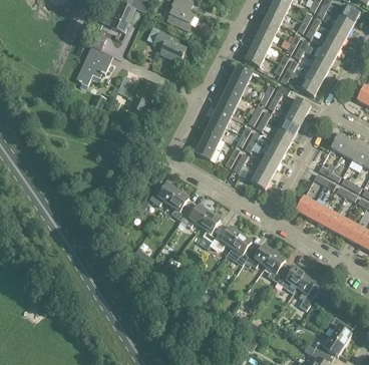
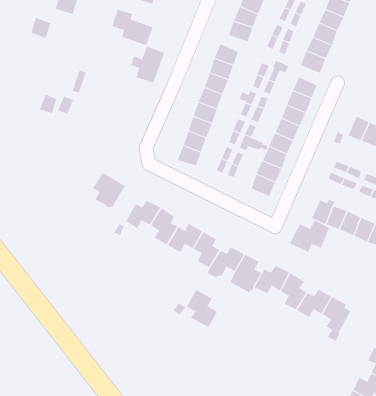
building: [76,46,110,83] -> none
building: [127,82,155,112] -> [130,46,165,83]
building: none -> [93,172,126,209]
building: none -> [289,220,330,253]
building: none -> [186,289,218,328]

